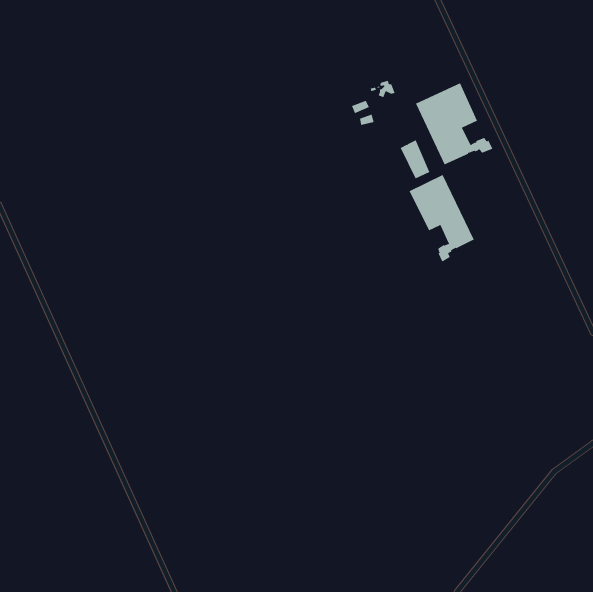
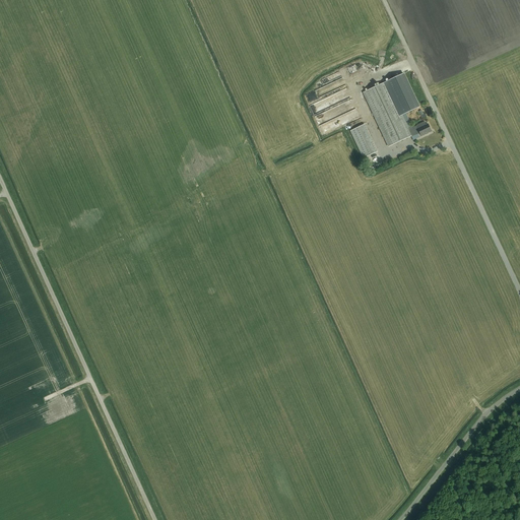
building: [409,174,474,262] -> none

